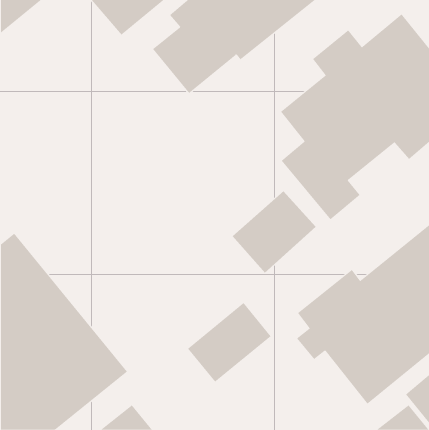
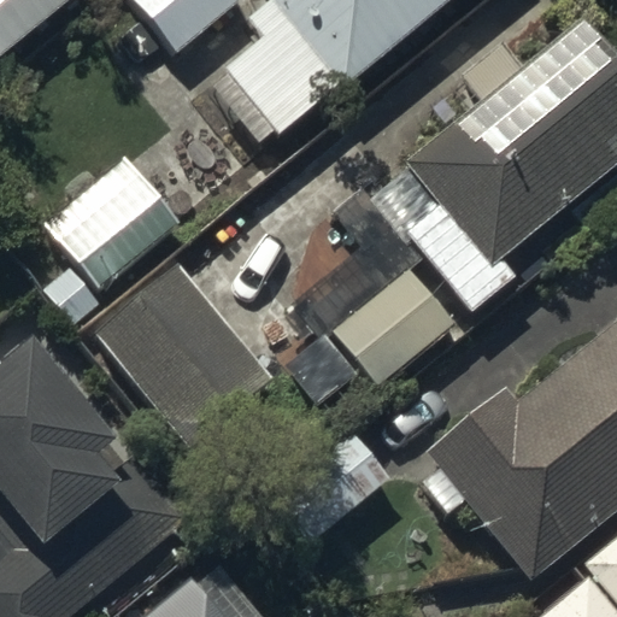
building: none -> [43,159,176,323]
building: none -> [94,263,269,442]

